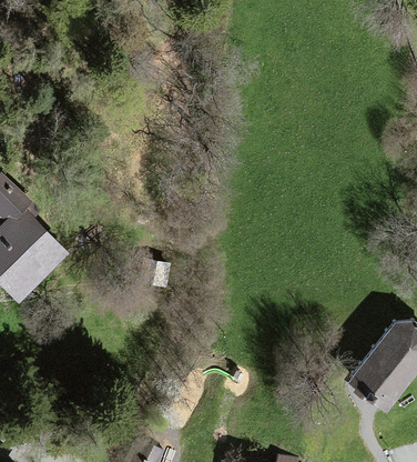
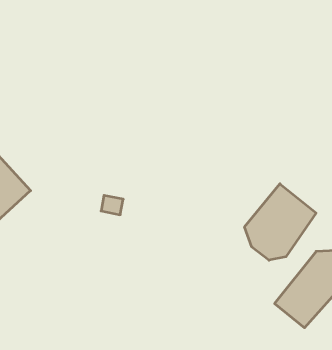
building: none -> [245,184,316,260]

